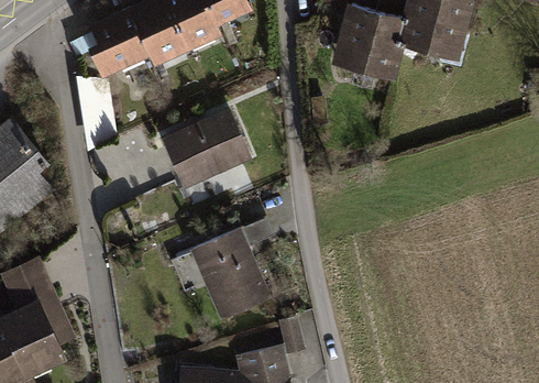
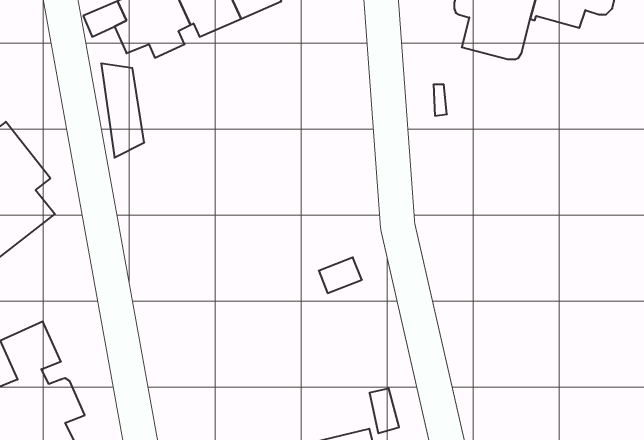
building: [165,111,249,177] -> none
building: [170,228,268,313] -> none

